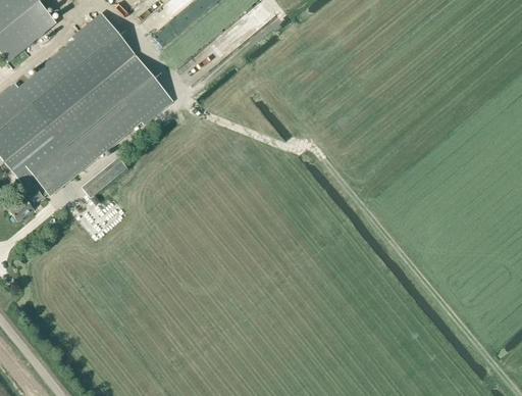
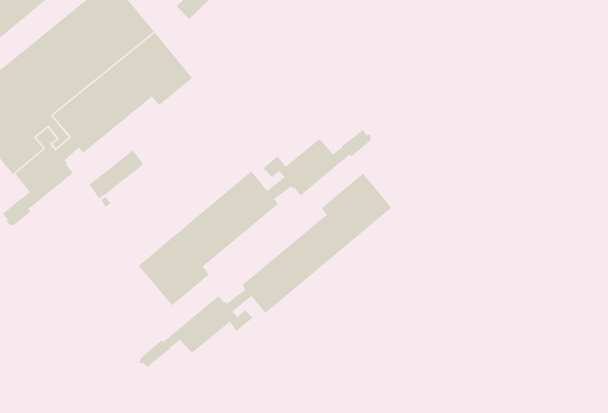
building: none -> [138,129,372,306]
building: none -> [138,173,392,368]

